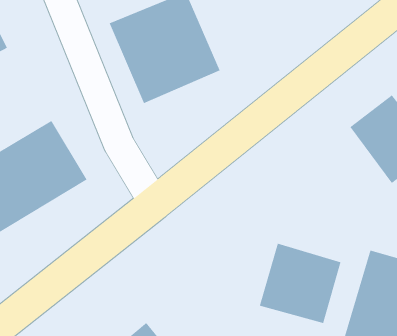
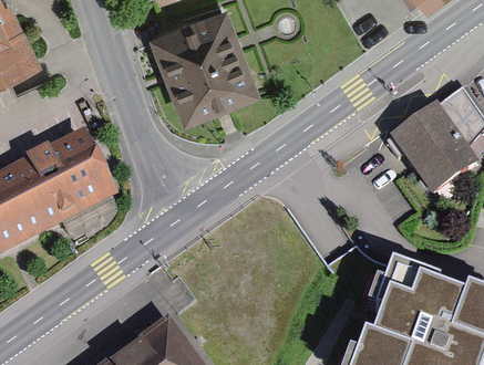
building: [259,243,341,324] -> none

